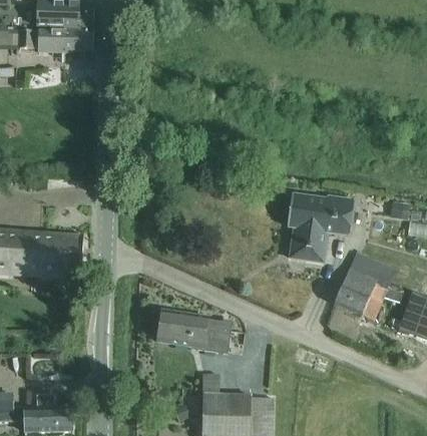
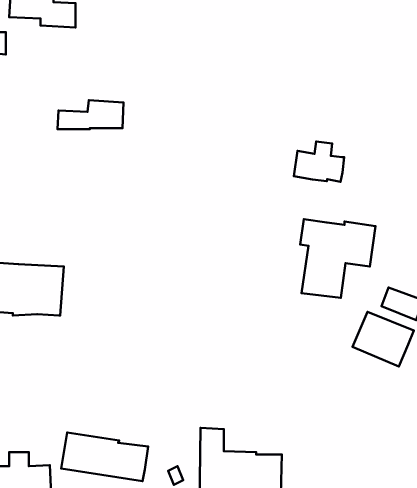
building: [36,26,93,51] -> [57,100,124,129]
building: none -> [294,142,344,182]
building: [156,310,232,352] -> [61,432,148,481]

